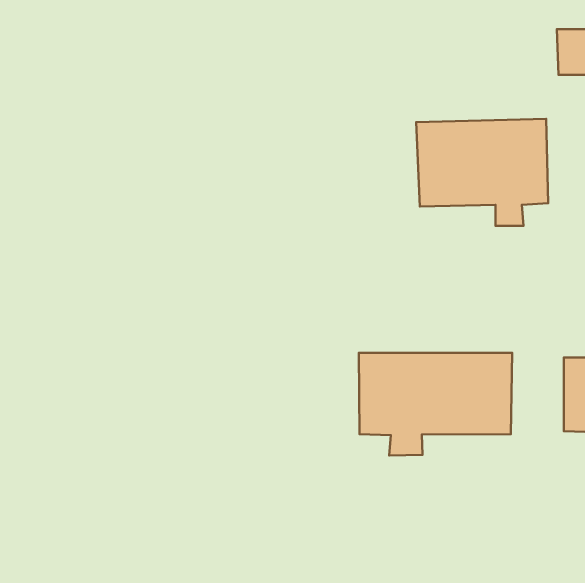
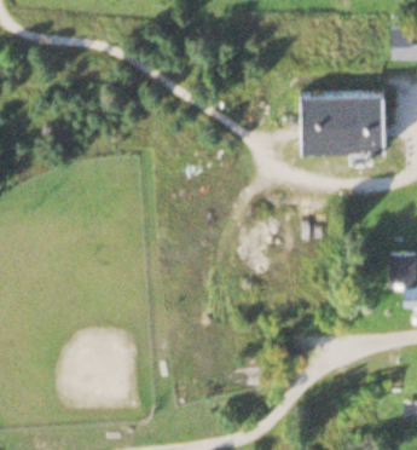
building: [359,353,512,455] -> none

